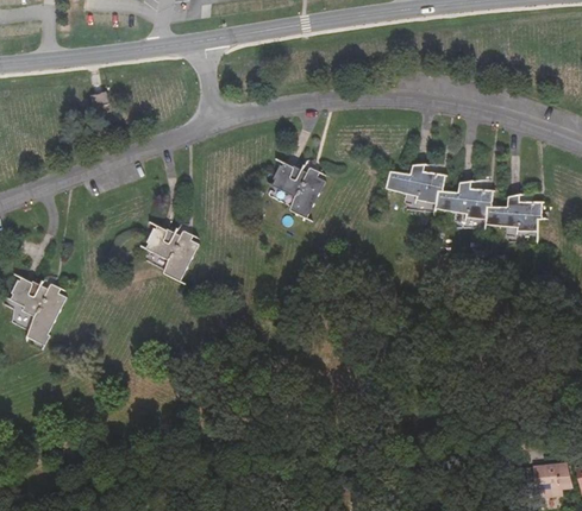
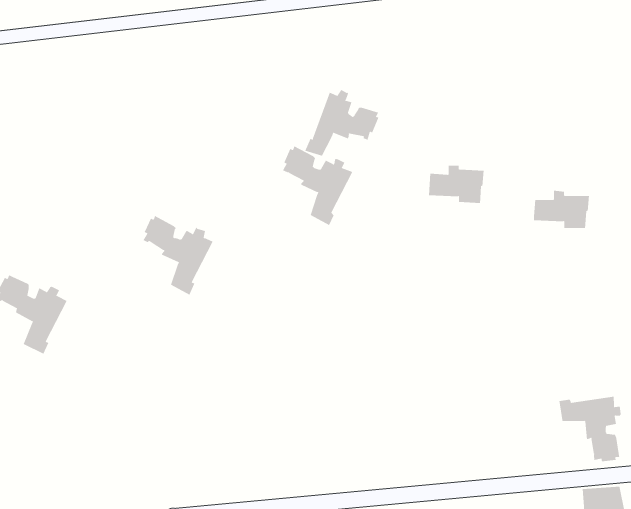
building: none -> [305,89,379,157]
building: [440,184,492,219] -> none
building: none -> [559,396,621,462]

